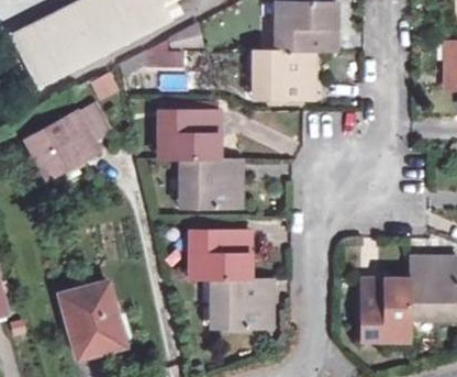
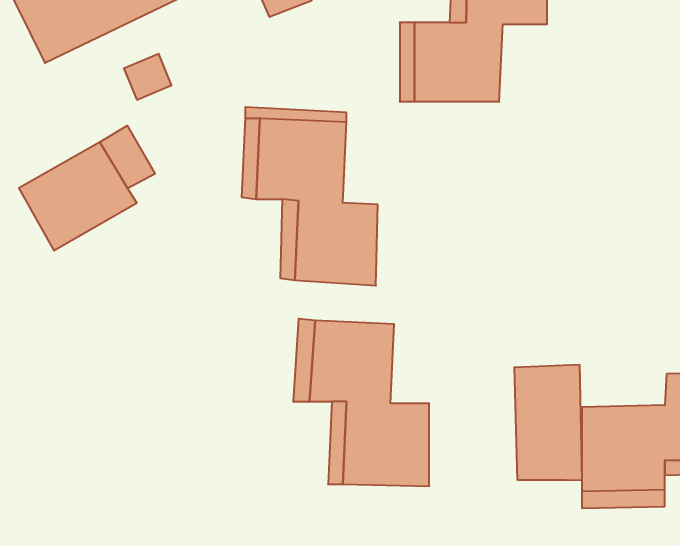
building: none -> [514,365,582,480]
building: [60,280,123,356] -> none

